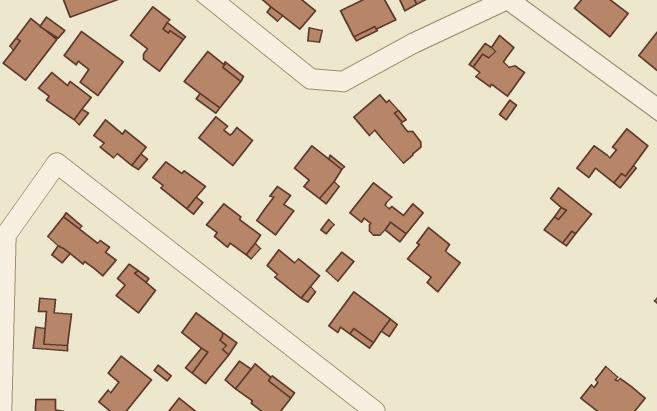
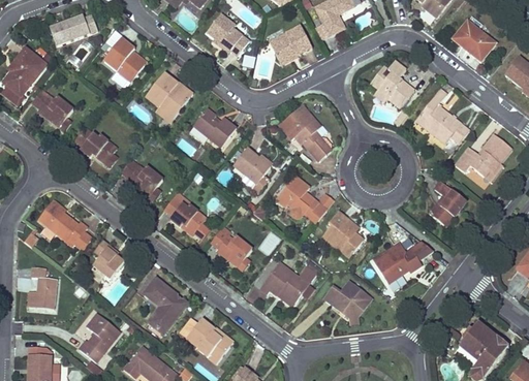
building: [64,31,123,96] -> none
building: none -> [415,88,468,142]
building: [199,117,253,166] -> [193,108,236,147]
building: [257,187,294,235] -> none
building: none -> [375,241,433,288]
building: none -> [323,281,371,317]

